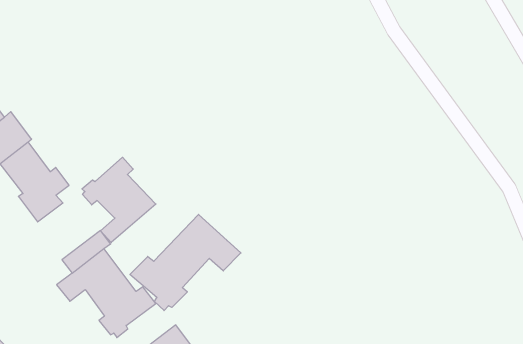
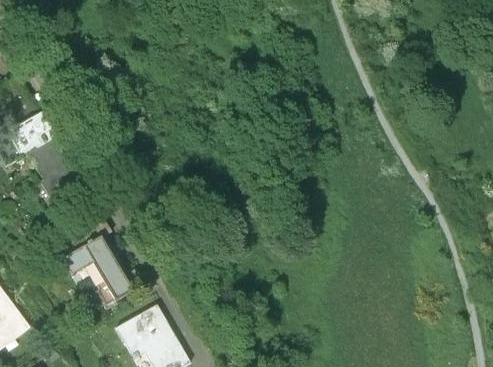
building: [82,157,156,243] -> none
building: [130,214,241,311] -> none

